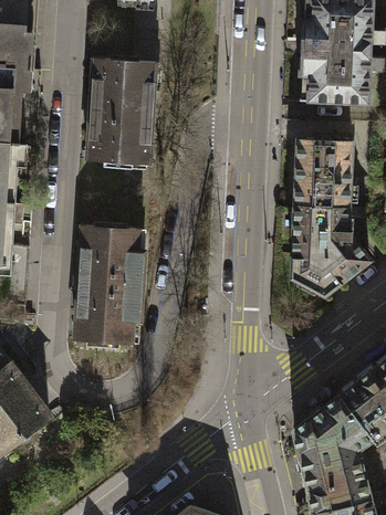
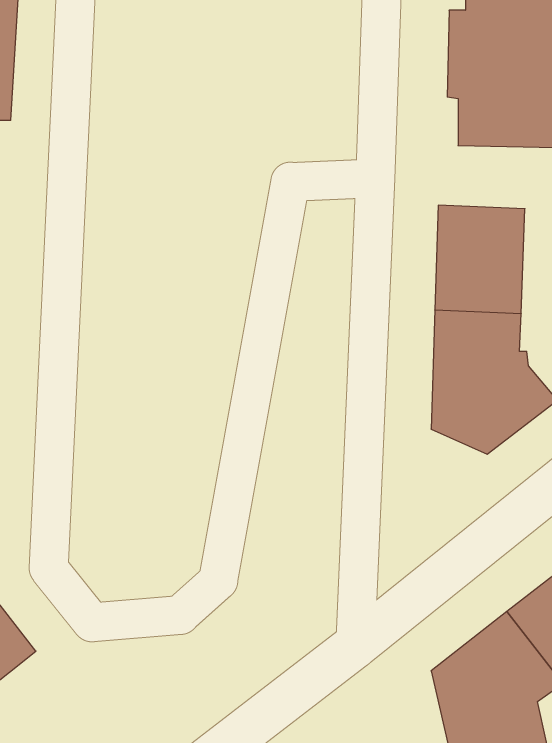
building: [87,61,155,162] -> none
building: [75,227,144,341] -> none

